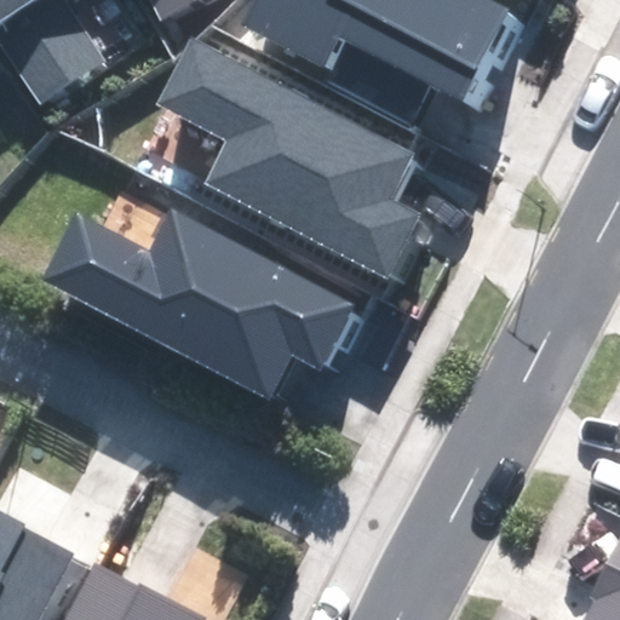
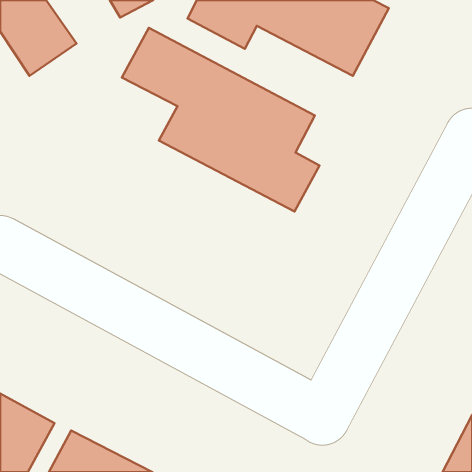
building: [44,214,354,397] -> none

